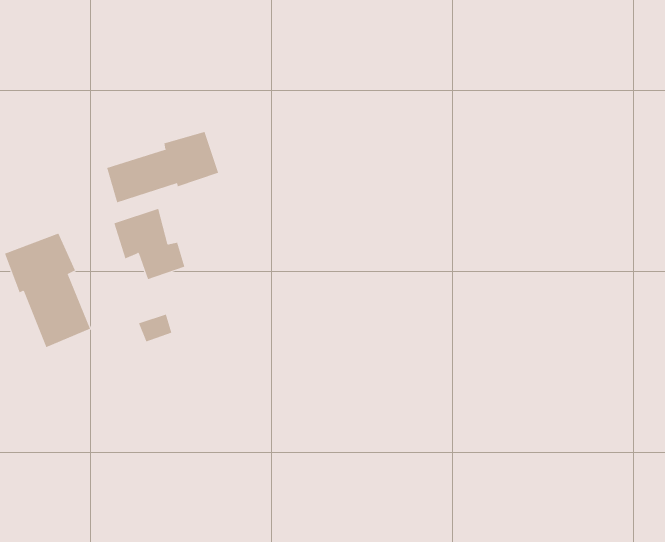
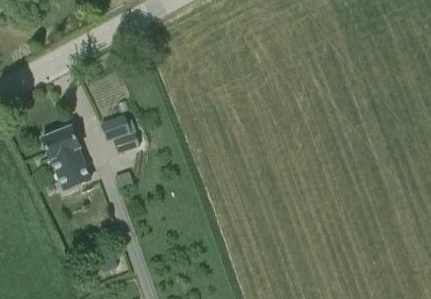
building: [107,131,219,203] -> none

